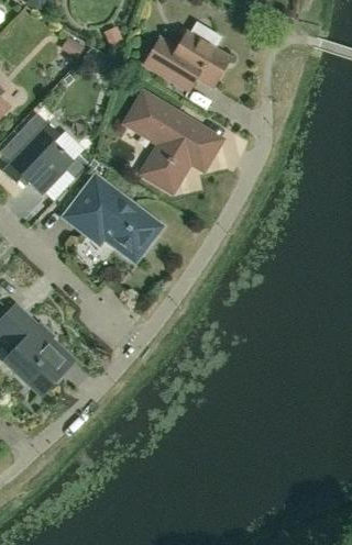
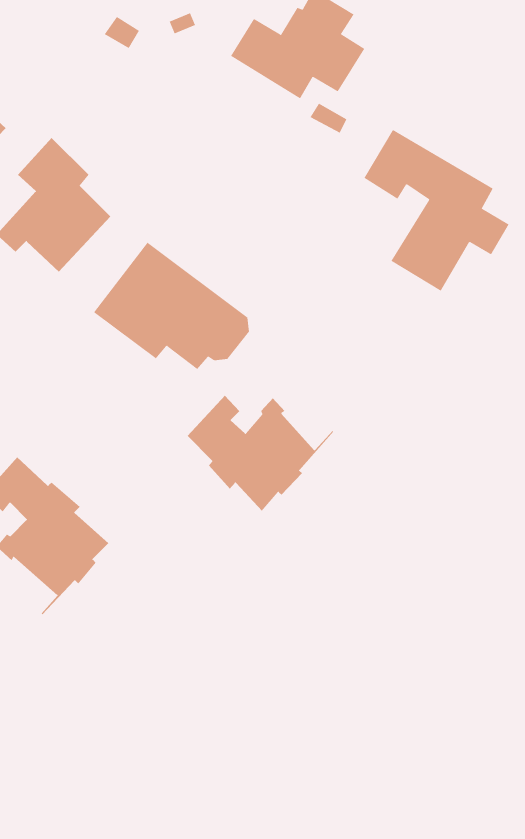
building: [125,92,214,191] -> [364,129,510,291]
building: none -> [187,395,334,512]

